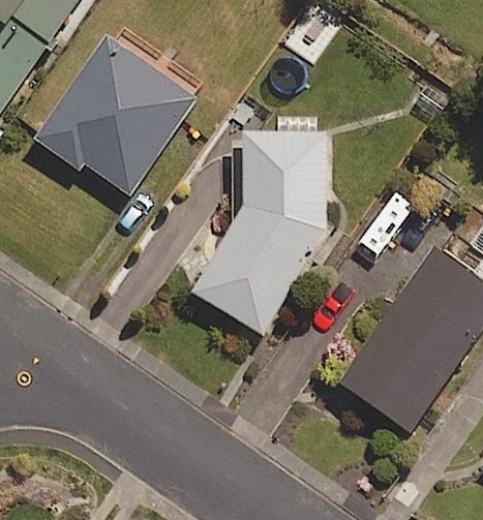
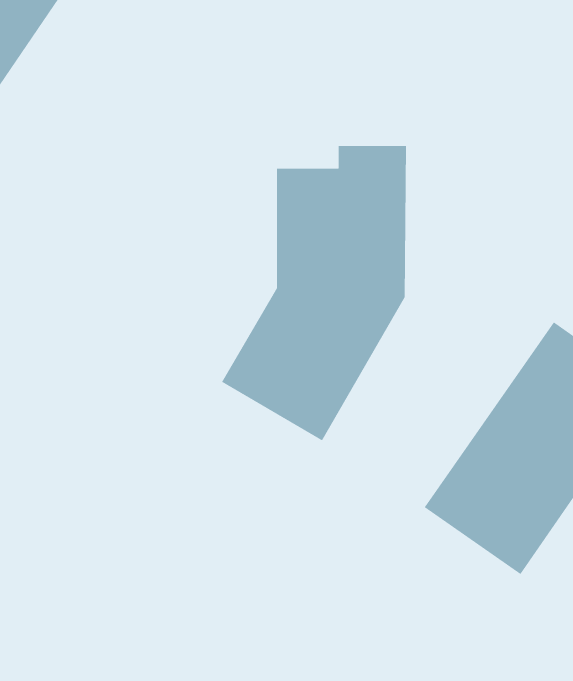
building: [37,28,195,196] -> none

